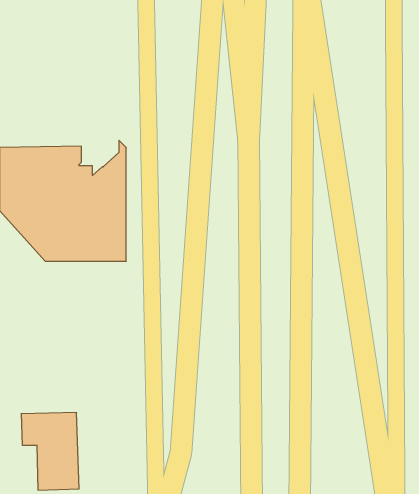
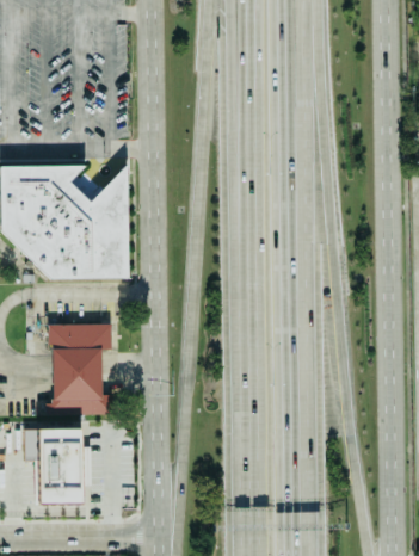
building: none -> [51,323,112,414]

